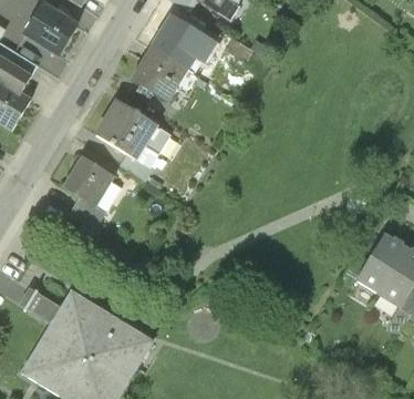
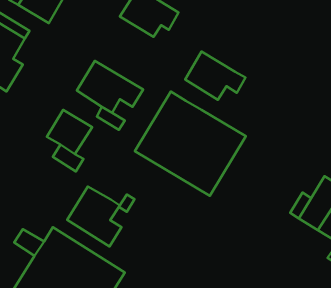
building: [127,48,197,103] -> [185,52,246,100]
building: none -> [135,91,246,196]
building: none -> [67,186,122,246]

